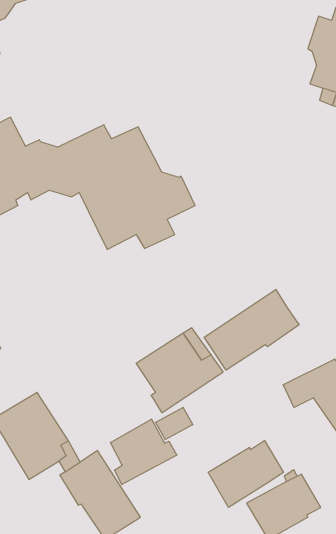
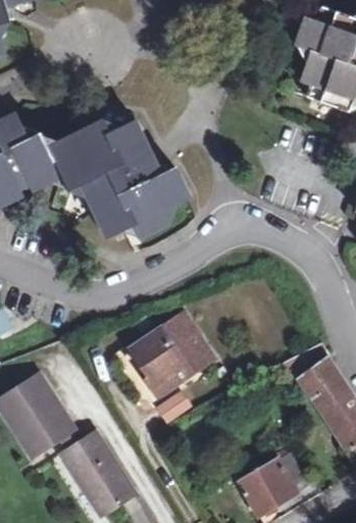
building: [204,289,299,370] -> none
building: [110,419,177,485] -> none
building: [208,441,283,507] -> none

